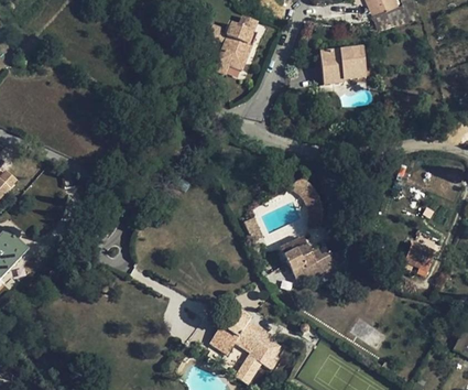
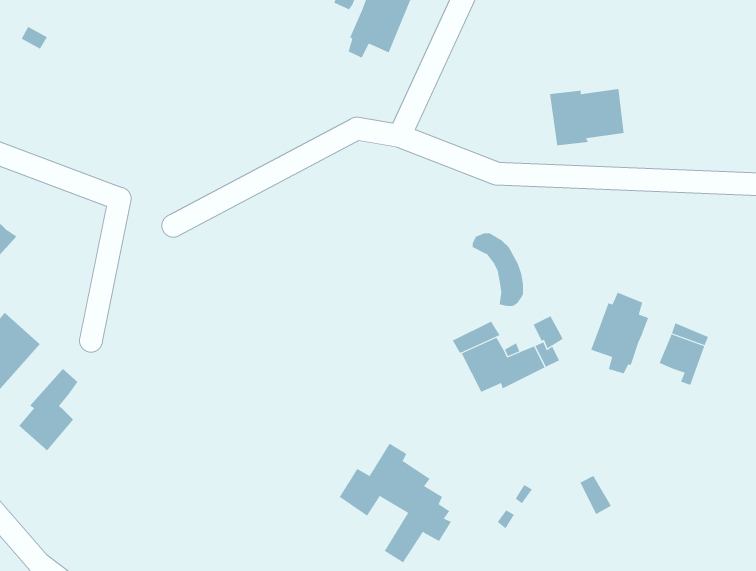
building: [318,48,364,84] -> [549,88,625,146]
building: none -> [591,292,649,374]
building: none -> [19,368,78,451]

